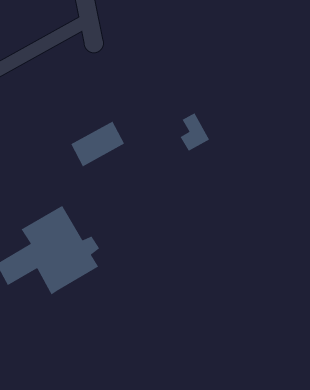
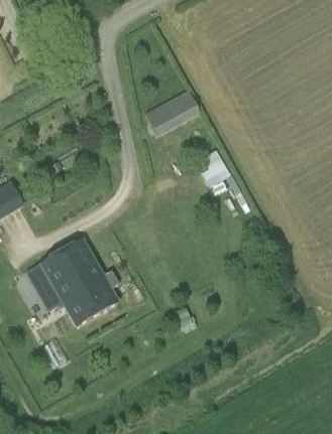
building: [70,121,125,167] -> [146,88,201,134]

